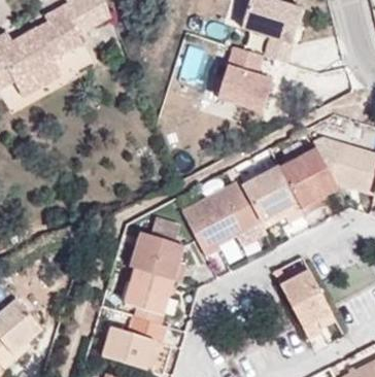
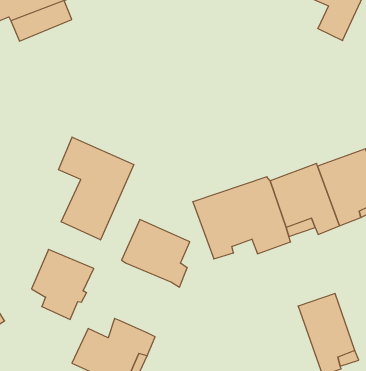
building: [214,45,273,121] -> none
building: none -> [58,137,134,240]
building: [126,268,174,322] -> [32,249,94,319]

